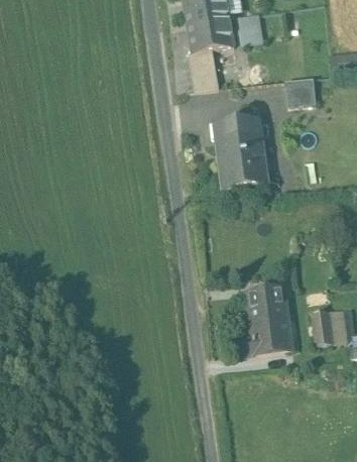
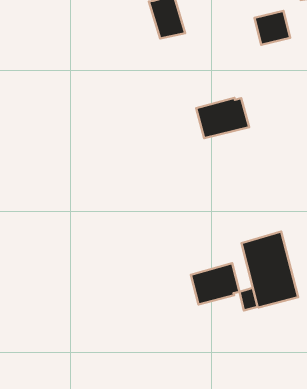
building: [218,119,263,158] -> none
building: none -> [191,263,239,304]

